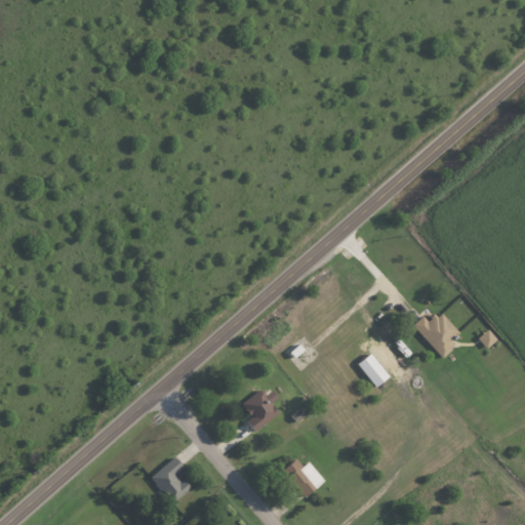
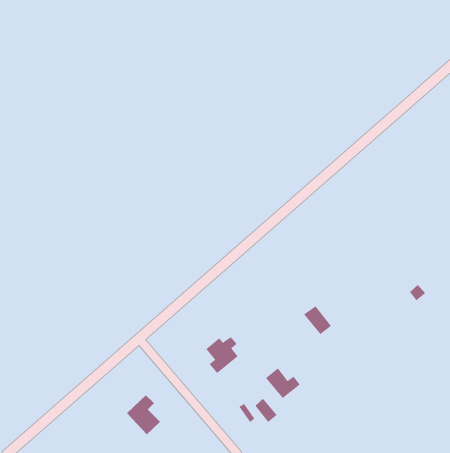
building: [412,312,458,358] -> none
building: none -> [265,368,300,399]

